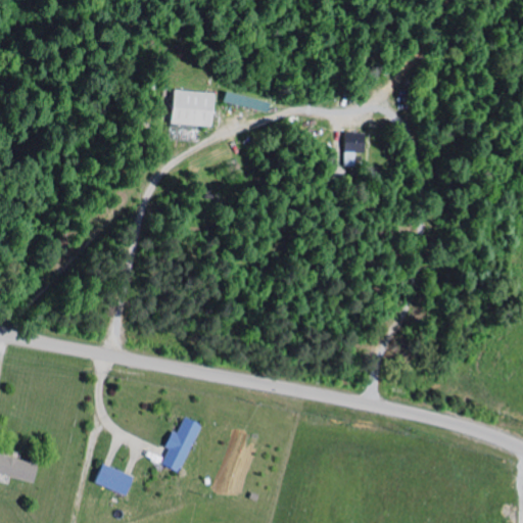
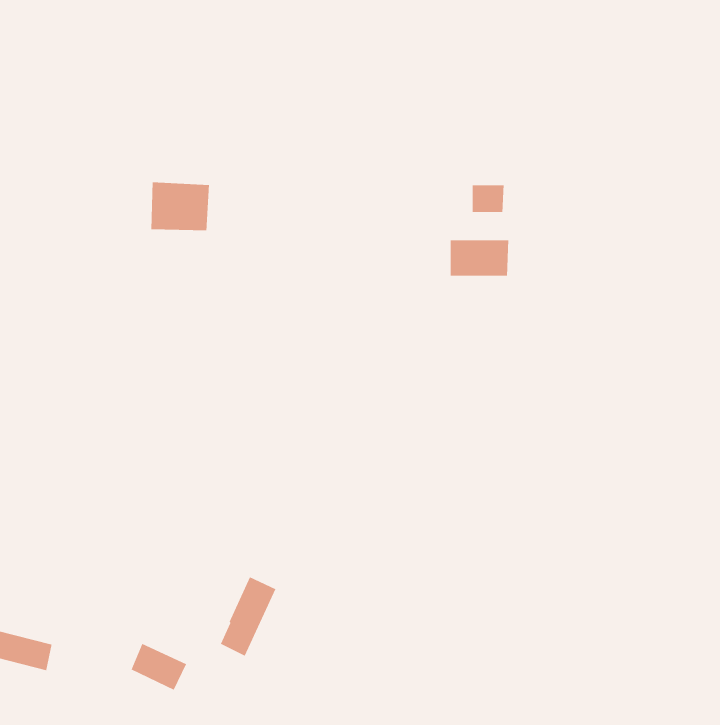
building: [173,91,216,127] -> [150,182,210,231]
building: none -> [450,239,509,277]

